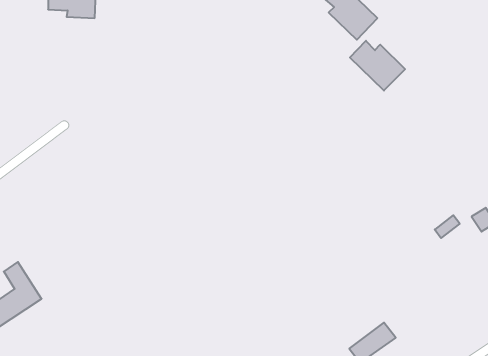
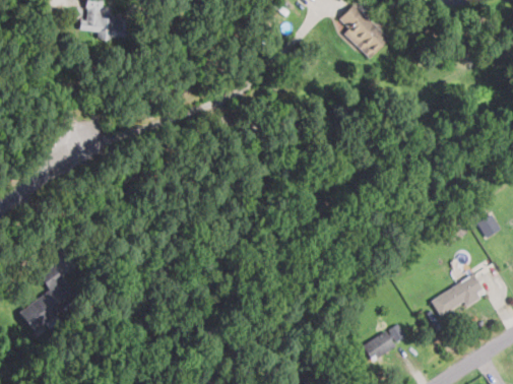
building: [350,41,405,91] -> none
building: none -> [431,274,485,317]

